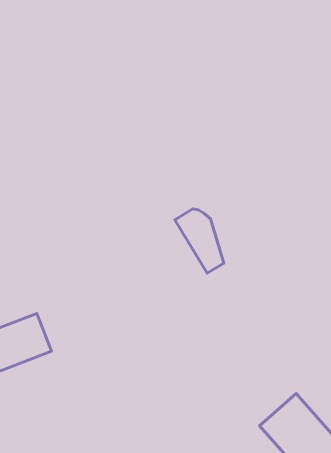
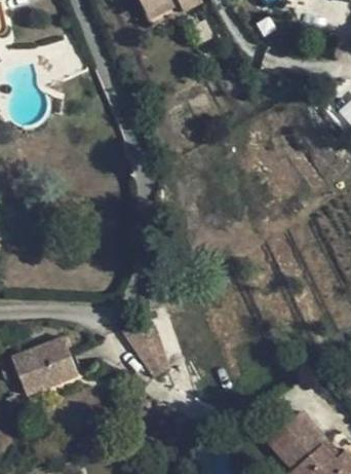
building: [175,209,224,273] -> [124,319,169,378]

